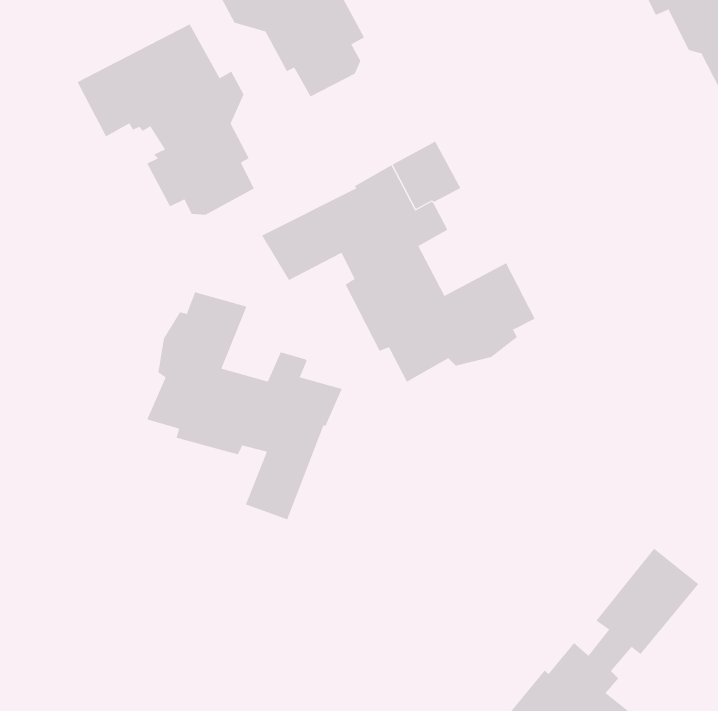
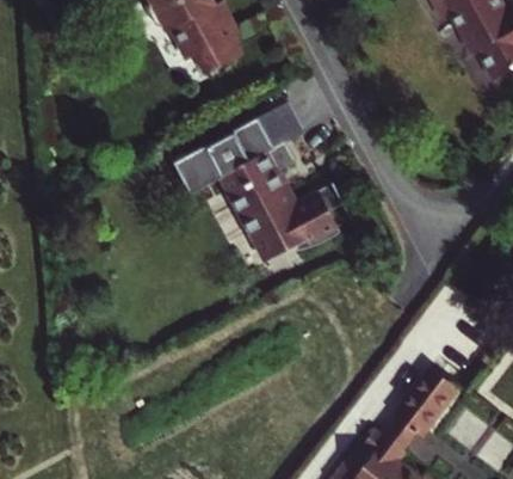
building: [77,23,255,216] -> none
building: [146,292,343,520] -> none

